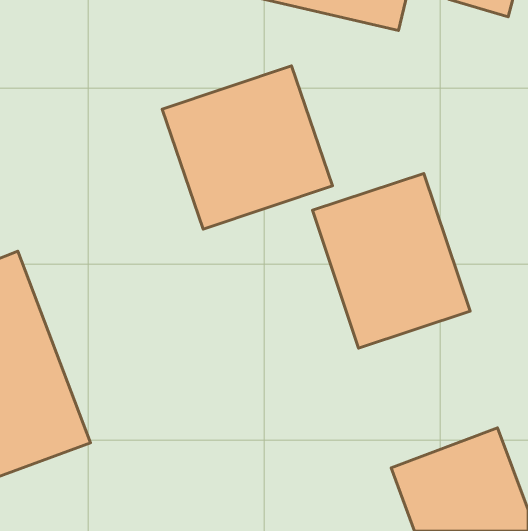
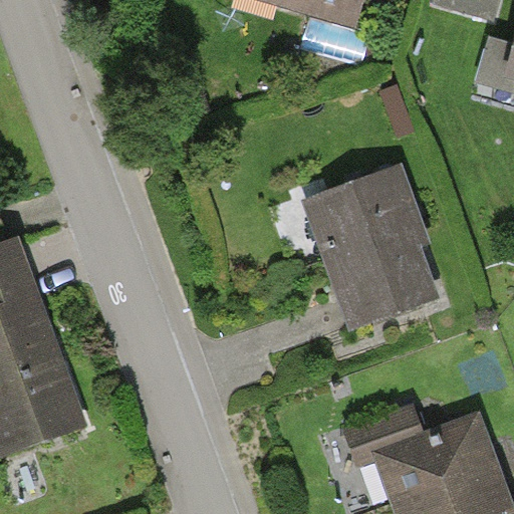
building: [162,66,332,229] -> none

